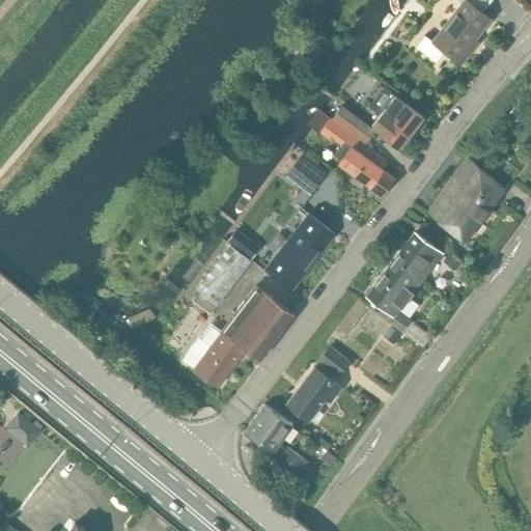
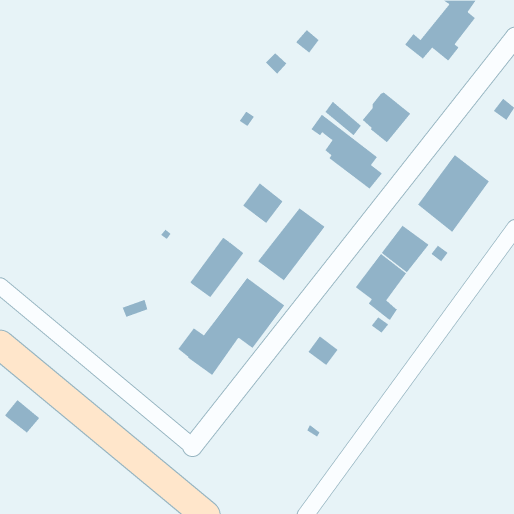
building: [285,153,328,196] -> [242,182,284,224]
building: [286,367,341,420] -> none
building: [246,406,307,475] -> none

